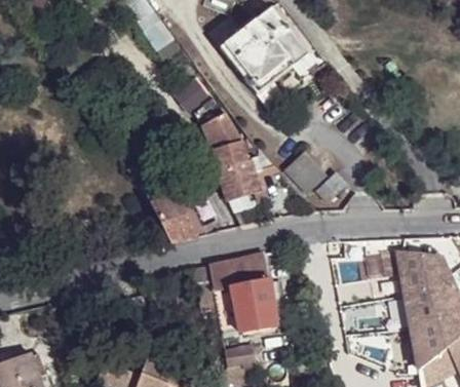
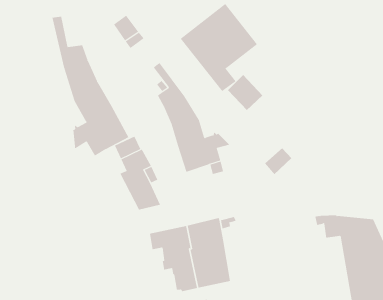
building: none -> [52,16,129,157]
building: [285,150,327,192] -> [227,74,263,111]

